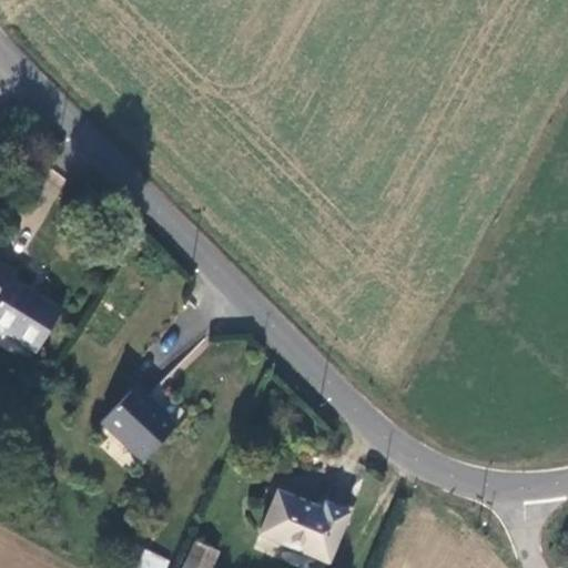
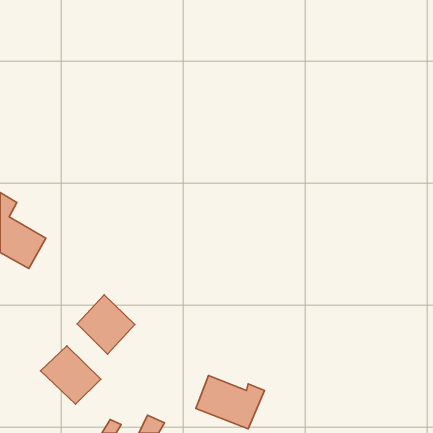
building: none -> [41,346,101,404]

